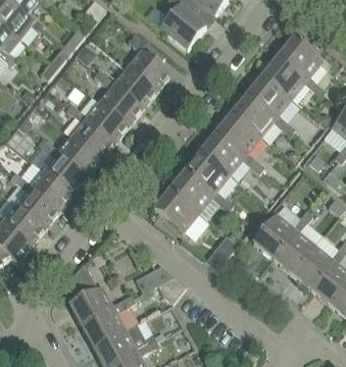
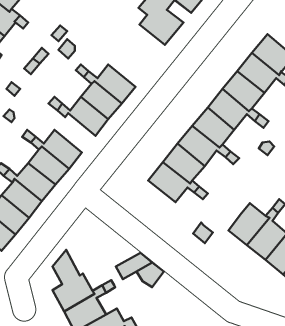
building: [128,33,170,93] -> none
building: [71,120,114,161] -> none
building: [153,191,198,233] -> none

